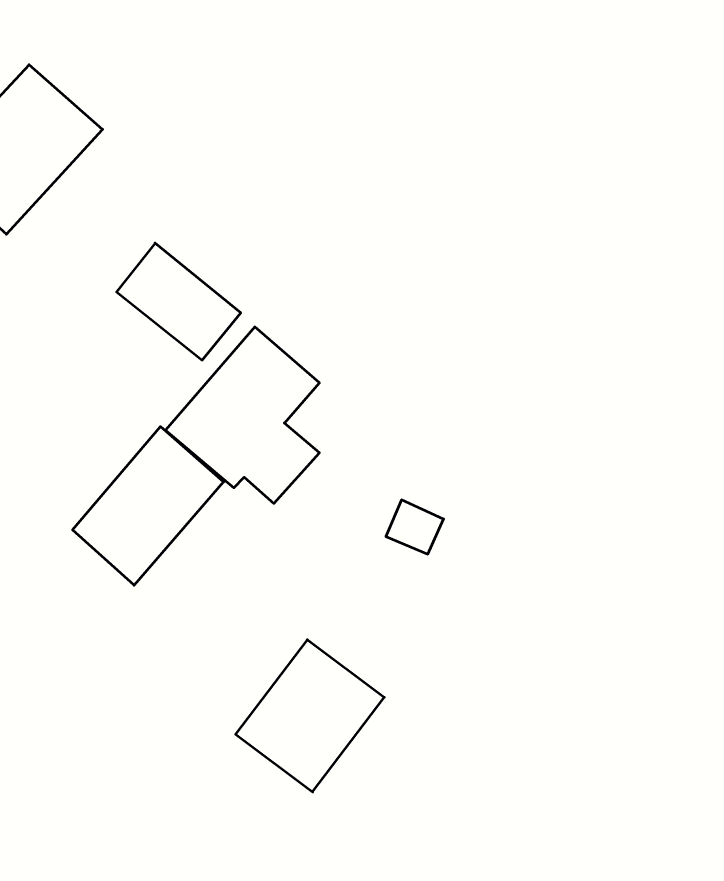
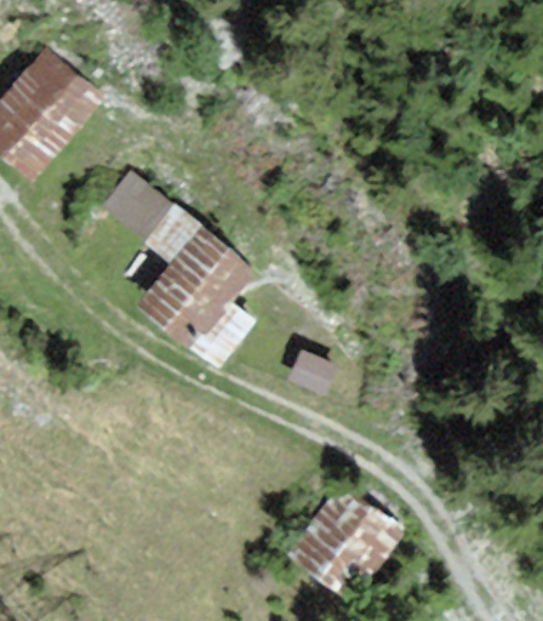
building: [73,427,224,585] -> none
building: [236,640,384,792] -> [293,488,396,593]

